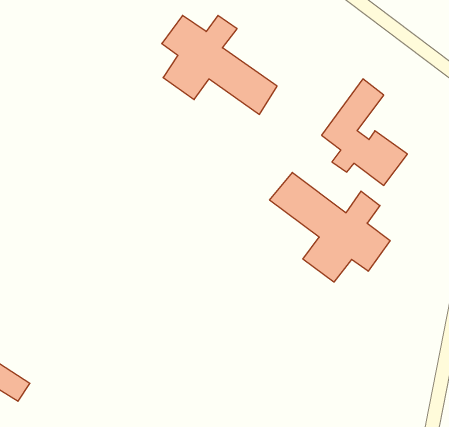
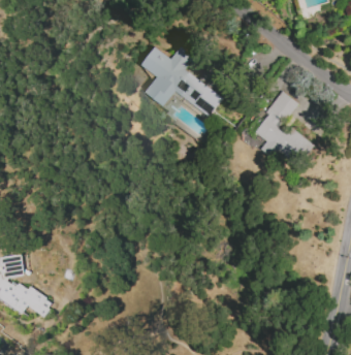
building: [270,172,390,282] -> none

